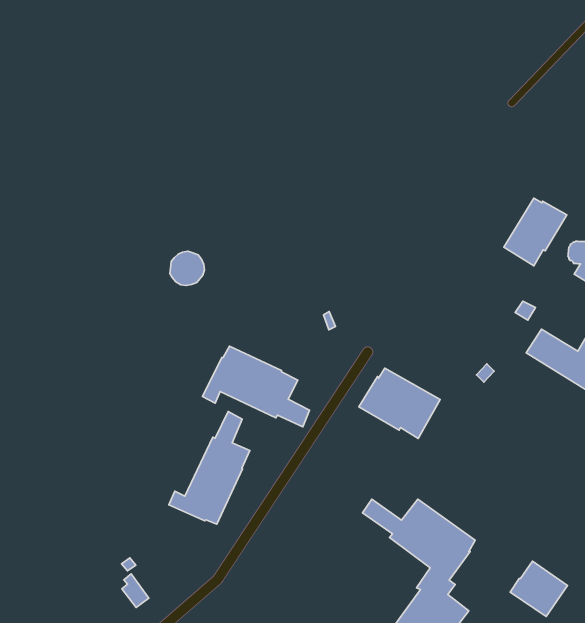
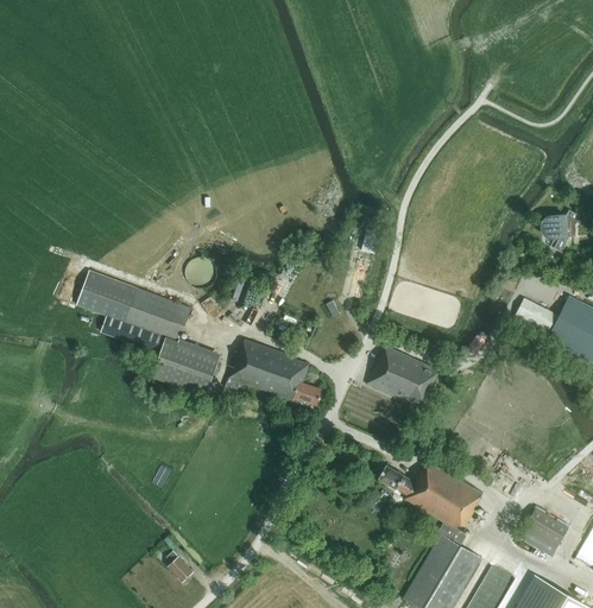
building: [504,198,567,266] -> none
building: none -> [76,271,216,397]
building: [169,412,250,524] -> none

